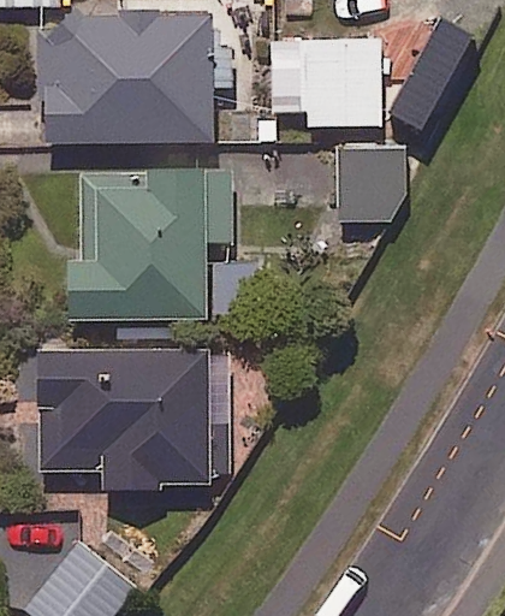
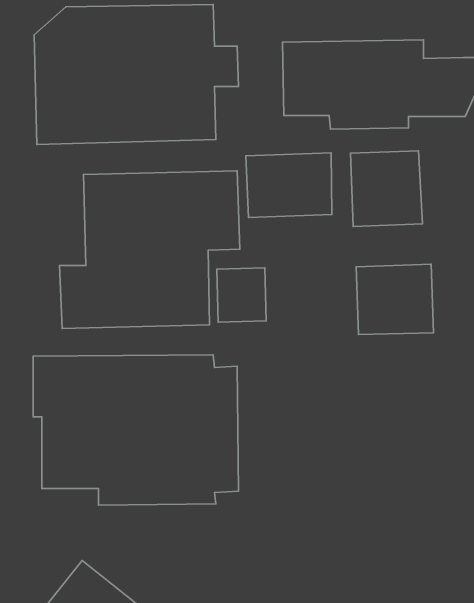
building: none -> [246,153,332,217]
building: none -> [356,264,434,334]

